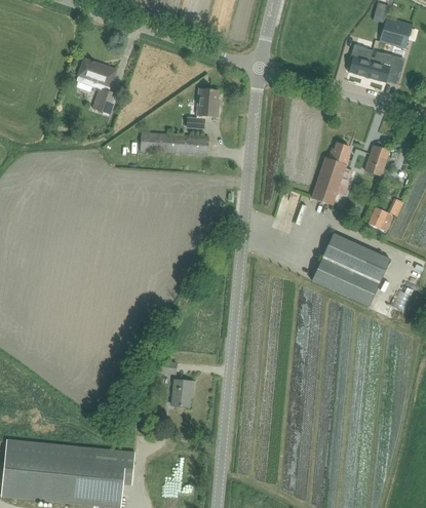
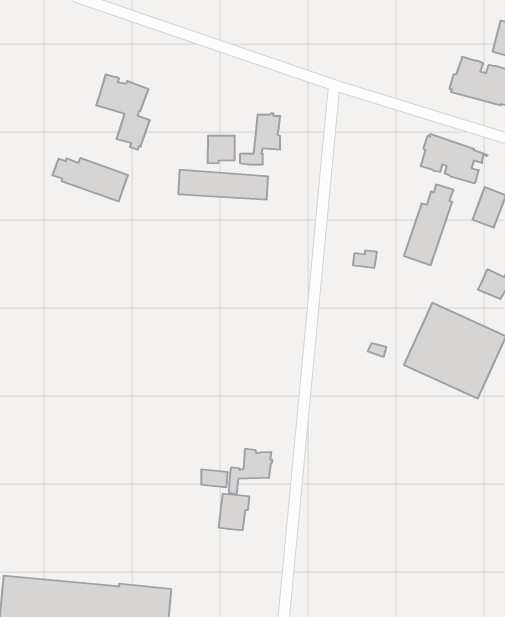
building: none -> [421,134,488,183]
building: none -> [208,135,235,163]
building: none -> [52,158,128,201]
building: none -> [229,449,272,494]

